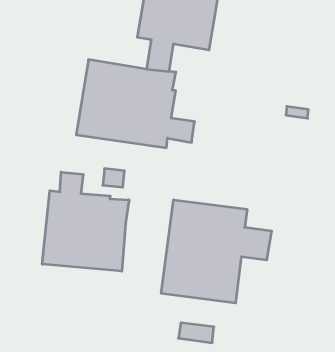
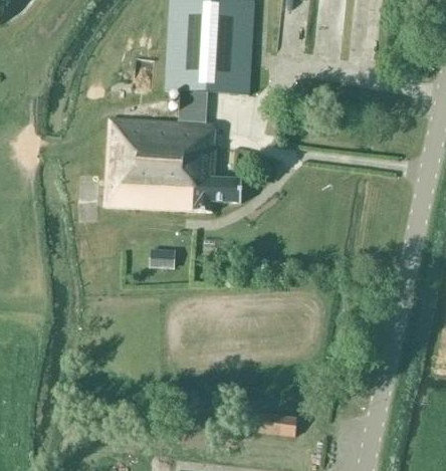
building: [42,172,129,271] -> none
building: [161,200,272,303] -> none

